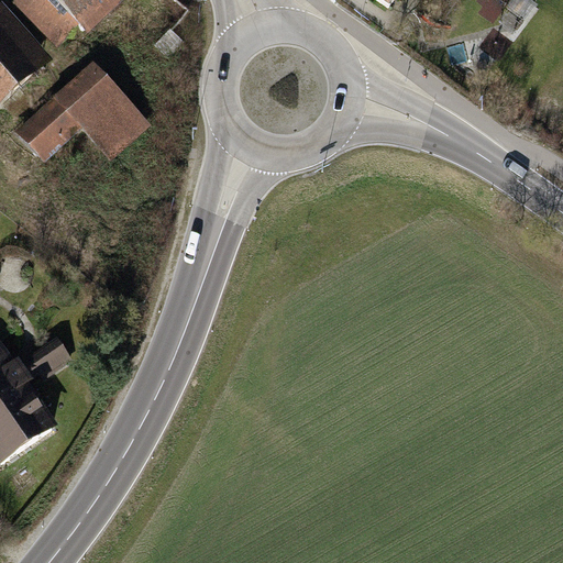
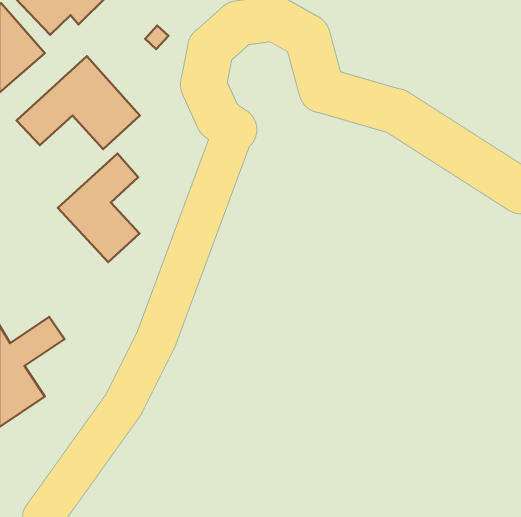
building: none -> [58,153,139,262]

